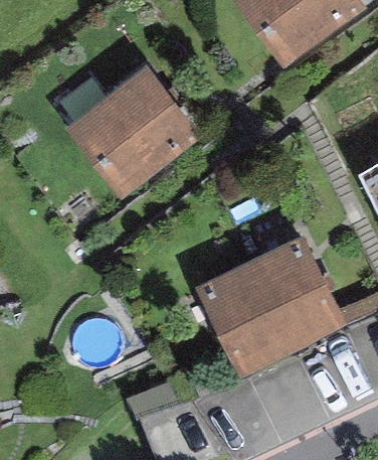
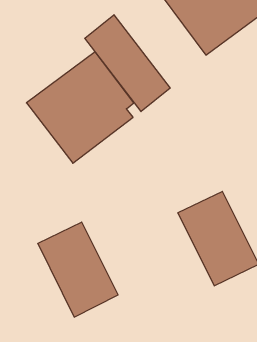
building: none -> [85,15,170,112]
building: [195,261,293,376] -> [38,222,118,317]

